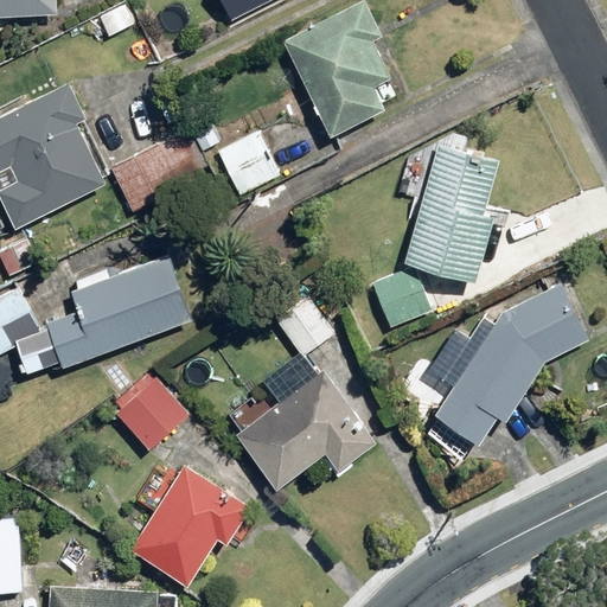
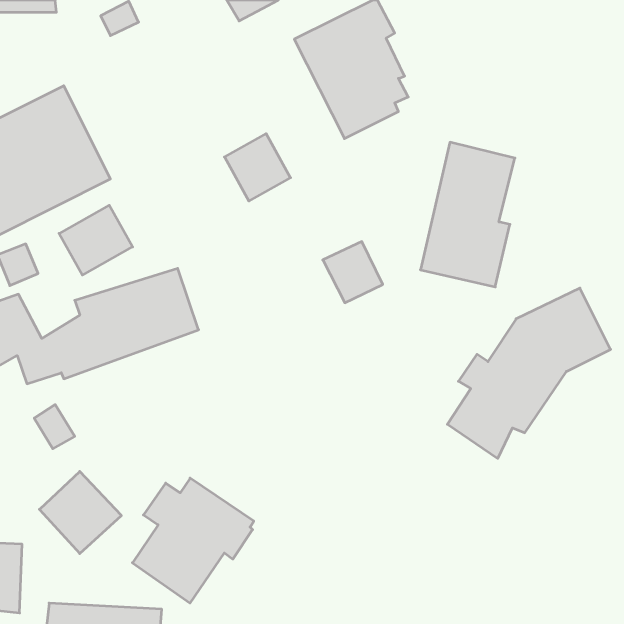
building: [111,142,183,210] -> [59,205,133,275]
building: [372,269,430,328] -> [323,242,383,303]
building: [234,295,378,488] -> none
building: [109,371,189,451] -> [39,471,121,554]

